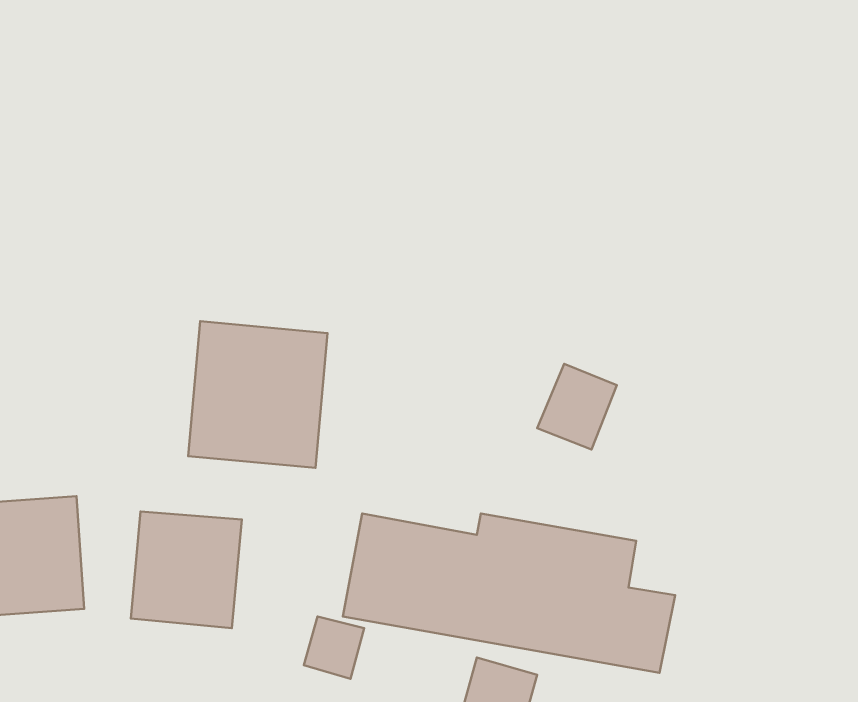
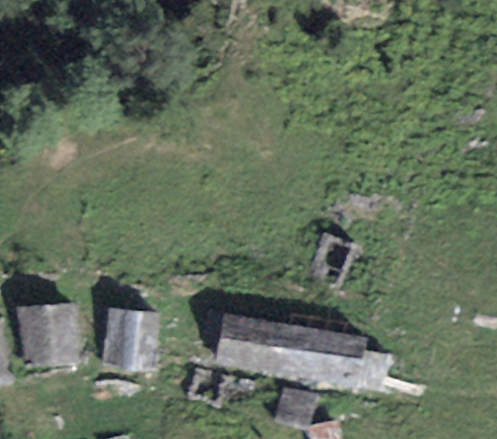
building: [188,321,328,468] -> none

